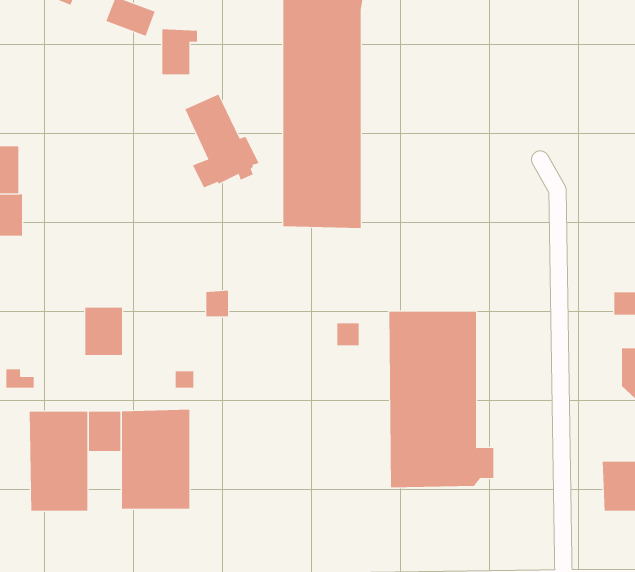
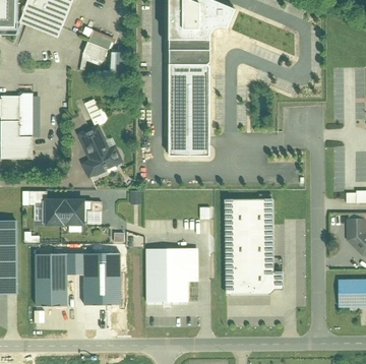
building: [184,94,259,188] -> [78,126,118,176]
building: none -> [45,198,64,224]
building: none -> [146,248,194,302]

